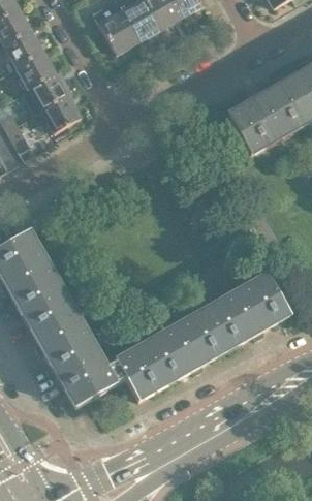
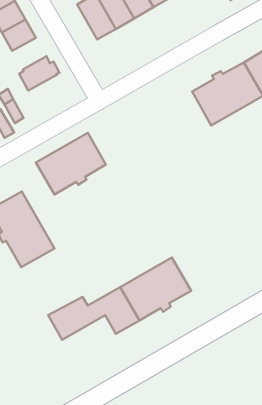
building: [17,51,57,88] -> none
building: [41,94,82,131] -> none
building: none -> [36,133,106,195]
building: [205,274,288,348] -> none
building: [27,299,99,377] -> none

